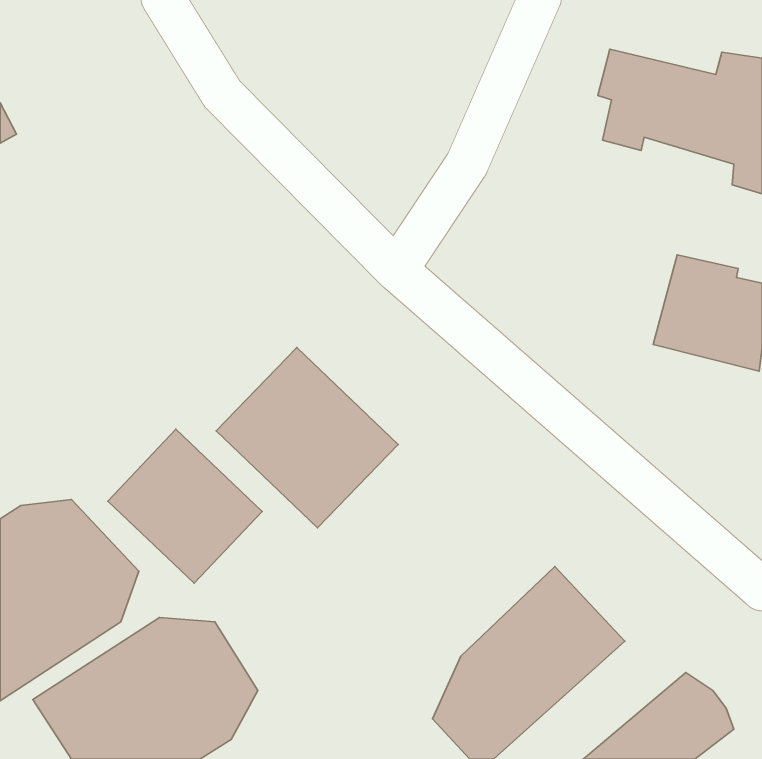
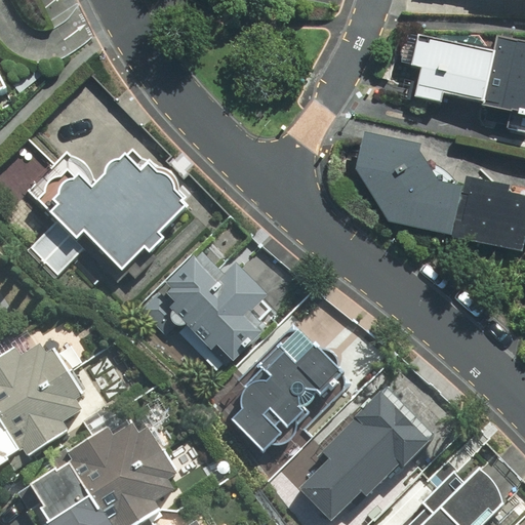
building: none -> [355,130,461,237]
building: none -> [47,152,186,267]
building: [108,429,262,583] -> none
building: none -> [235,327,356,470]

